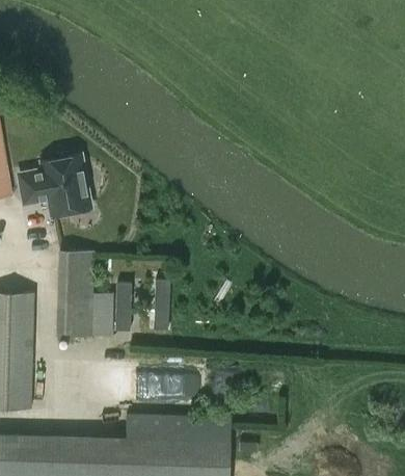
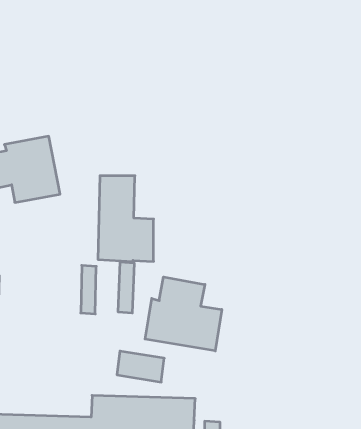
building: [57,252,113,338] -> [98,176,154,261]
building: none -> [145,277,222,351]

